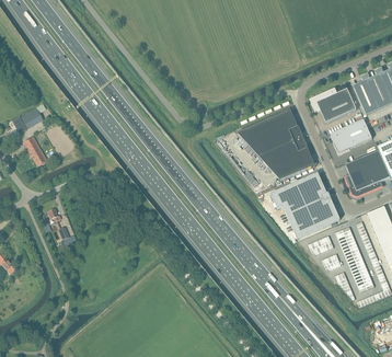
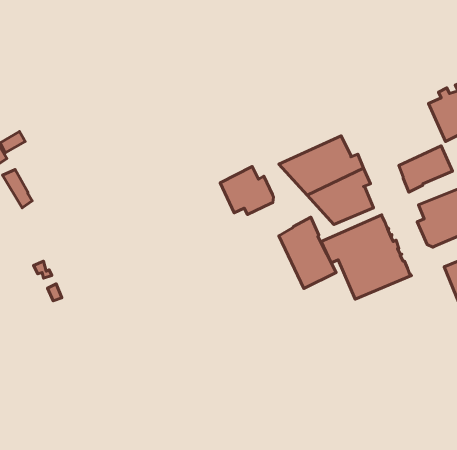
building: [310,88,356,123] -> none
building: none -> [220,166,274,215]
building: none -> [279,217,336,288]

